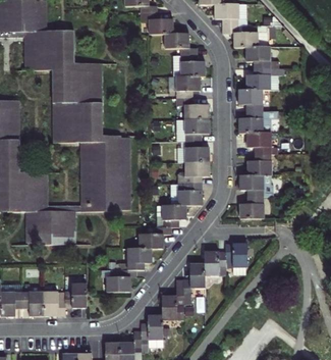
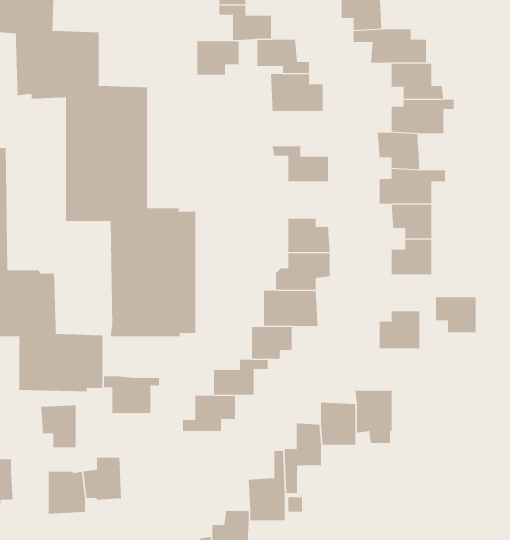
building: [175,78,201,98] -> [196,41,240,75]
building: [176,119,209,141] -> none
building: [238,174,263,196] -> [435,297,477,333]
building: [105,266,139,289] -> [103,376,160,414]
building: [21,291,43,316] -> [40,405,77,448]

